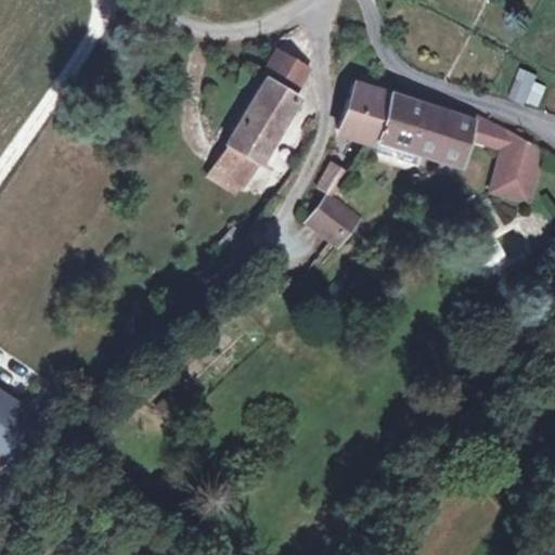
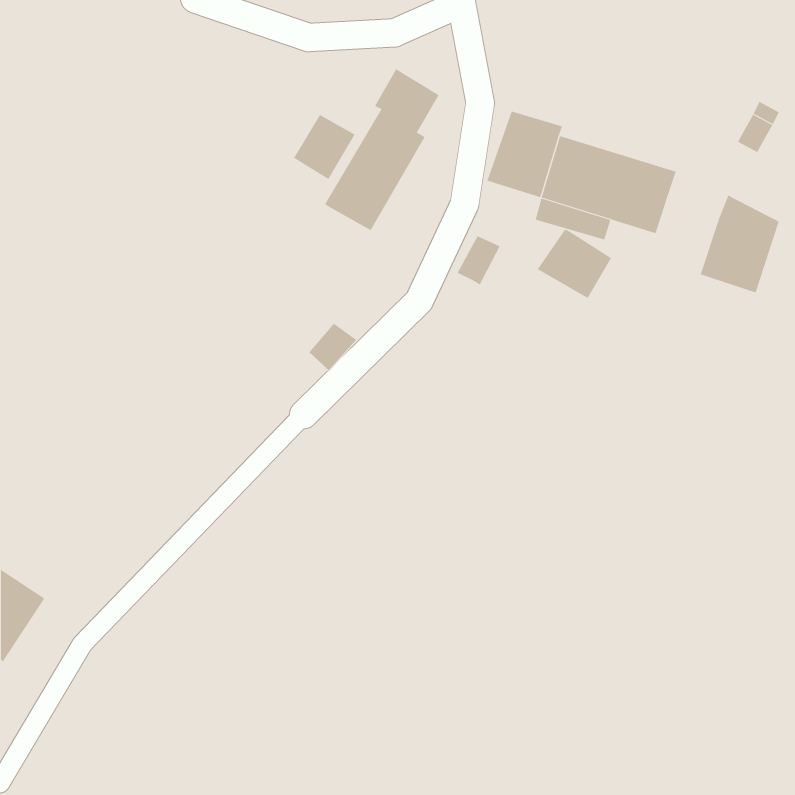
building: [465,113,509,152] -> none
building: [211,144,255,190] -> [293,114,355,180]
building: [310,195,362,244] -> [537,229,612,299]

